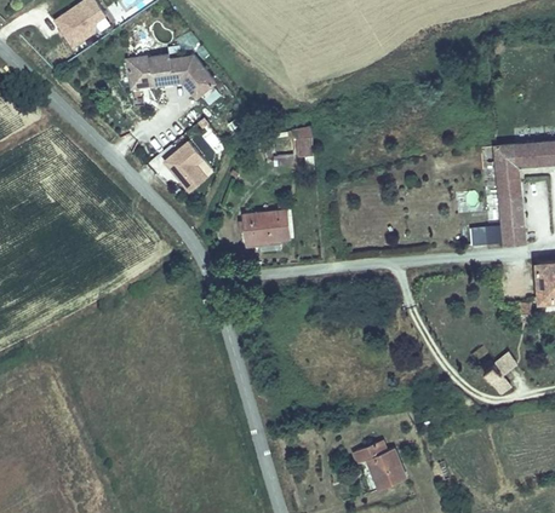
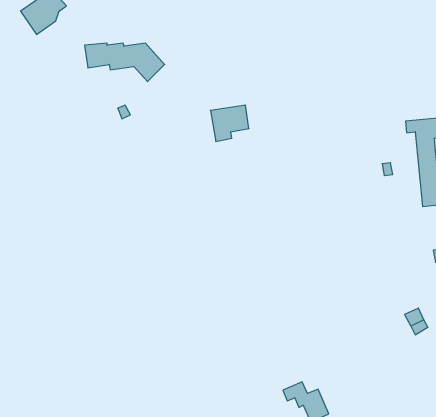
building: [164,142,207,192] -> none
building: [241,211,287,243] -> none
building: [467,224,498,244] -> none

